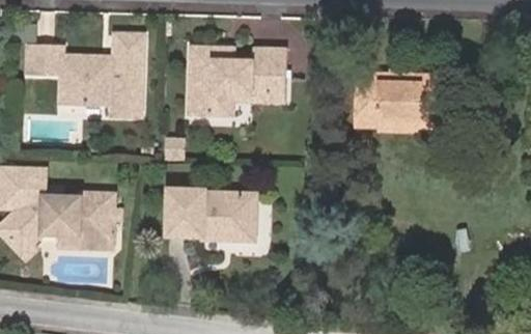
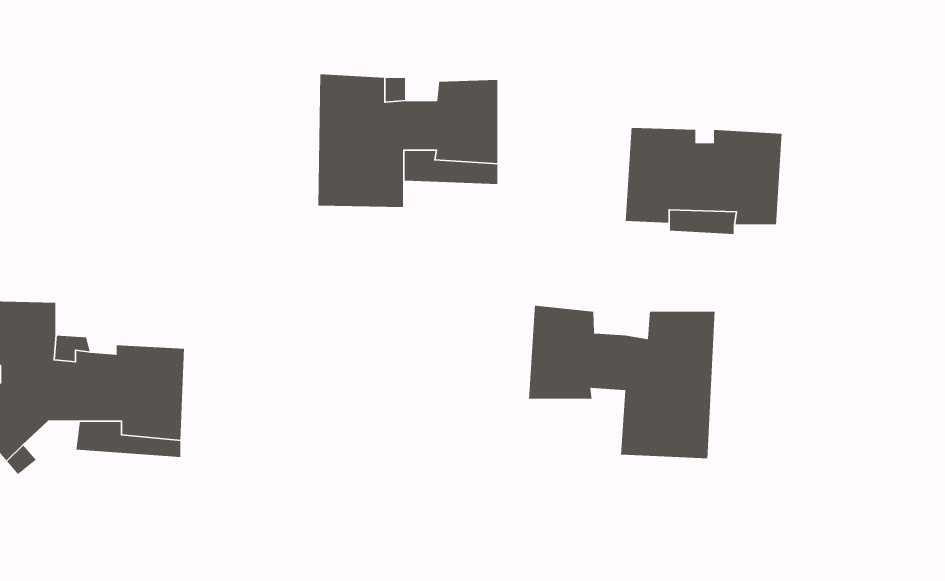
building: [24,35,142,119] -> none
building: none -> [528,305,715,459]
building: [165,190,255,246] -> none

